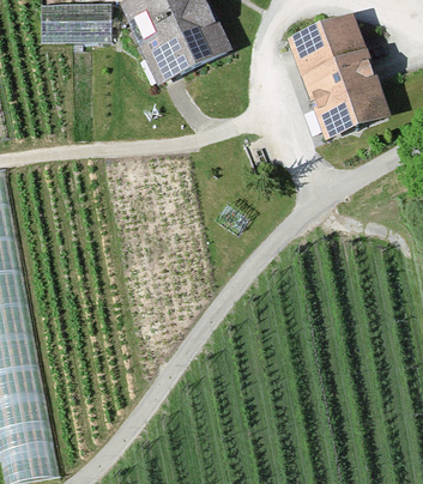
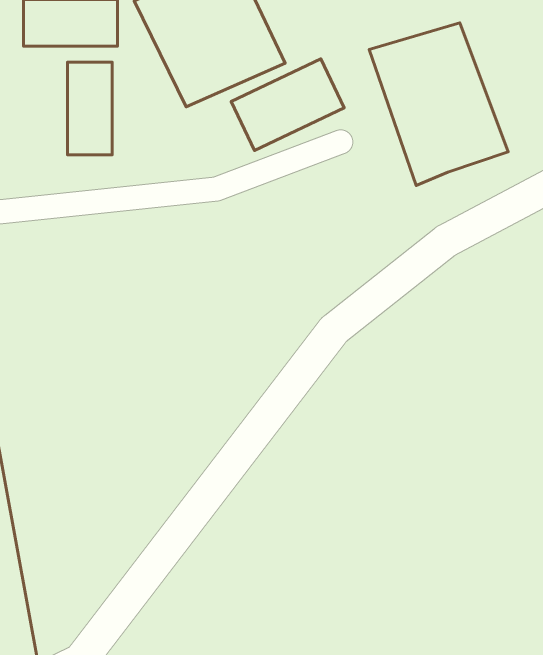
building: none -> [231,59,344,151]
building: none -> [68,62,112,155]

